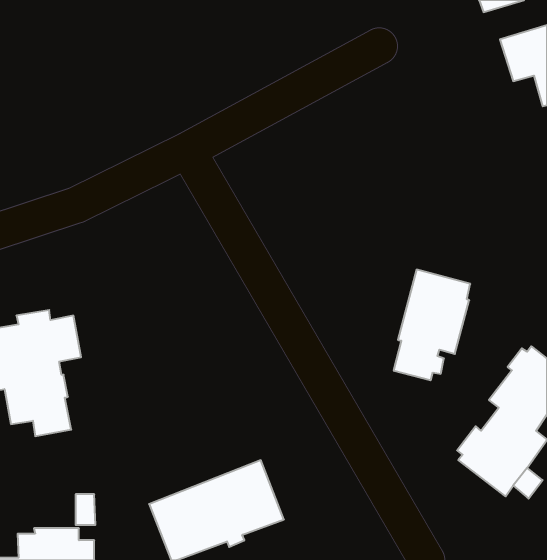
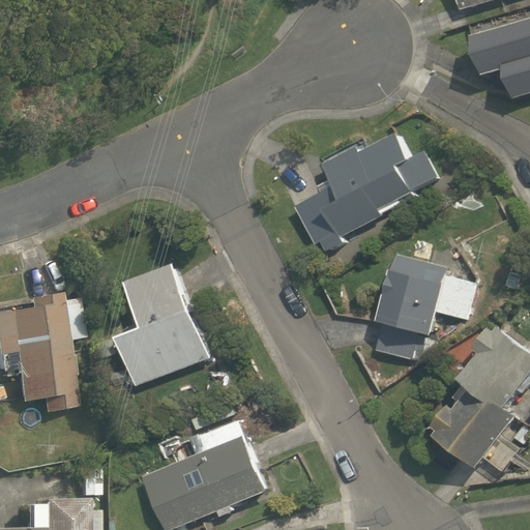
building: none -> [291,131,436,252]
building: none -> [116,262,210,386]

